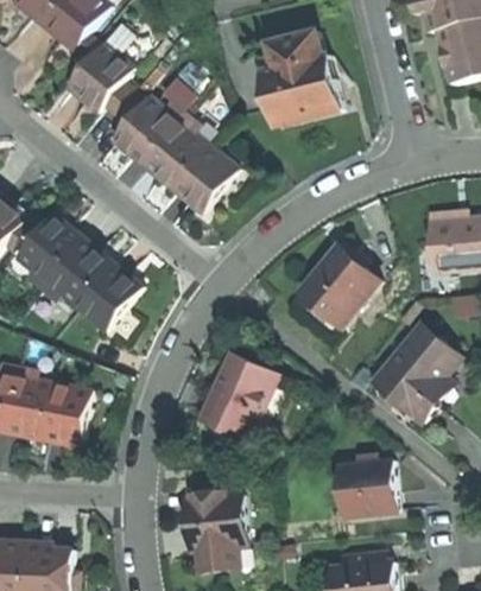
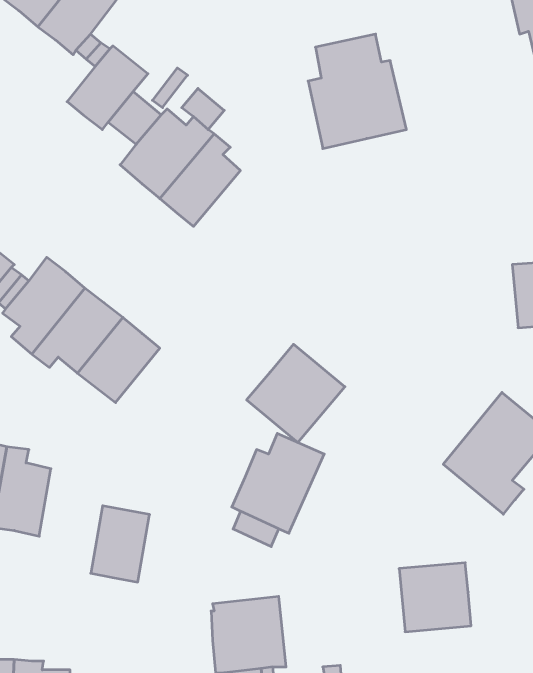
building: [170,144,240,216] -> none
building: [297,247,376,326] -> [247,344,345,443]
building: [45,385,93,446] -> [91,506,150,582]

